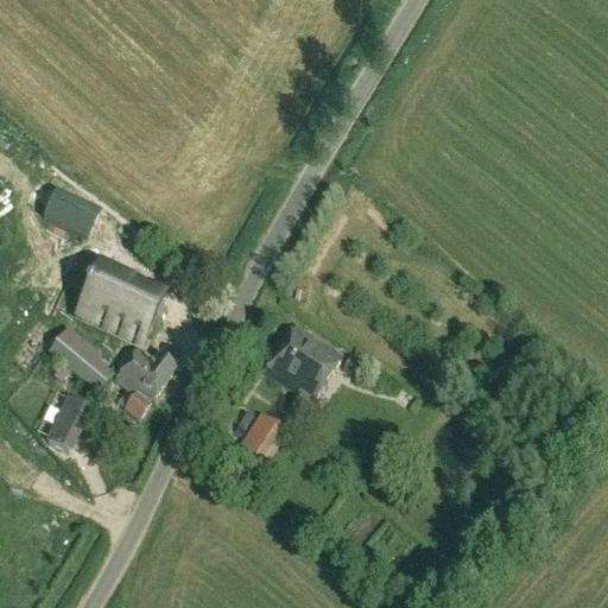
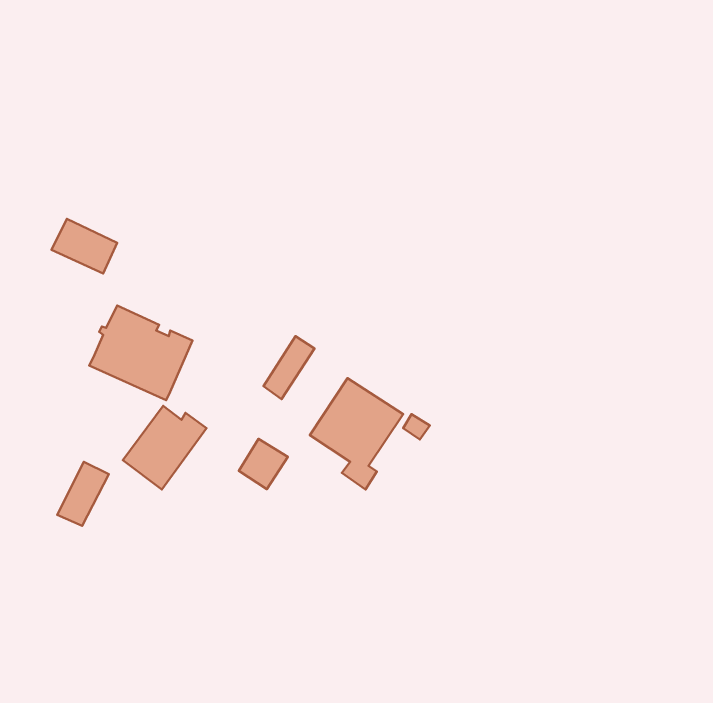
building: none -> [264,336,315,399]
building: [48,323,114,391] -> none
building: [242,410,284,452] -> [239,439,288,489]

